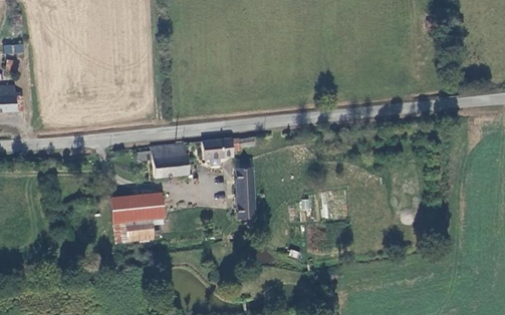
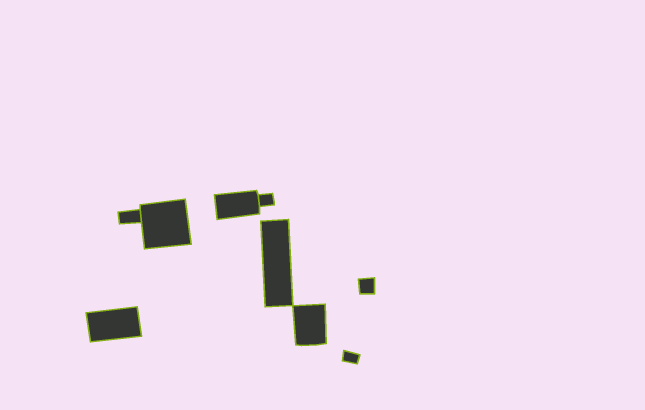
building: [109,193,162,223] -> none
building: none -> [293,304,326,345]

